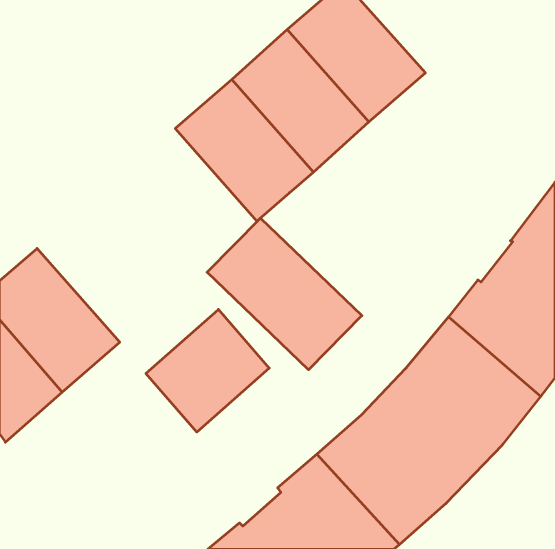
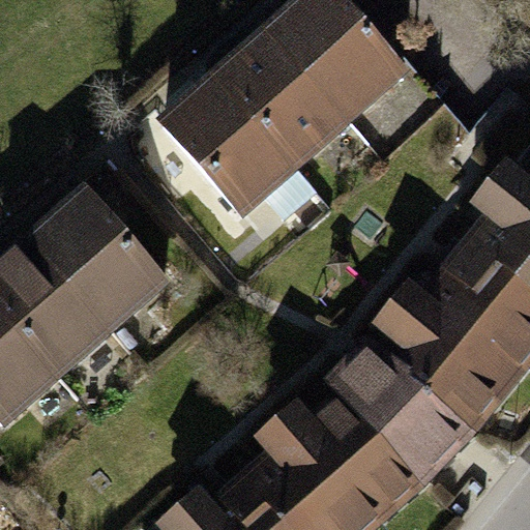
building: none -> [35,188,168,325]
building: [207,218,362,370] -> none
building: [146,309,269,432] -> none

